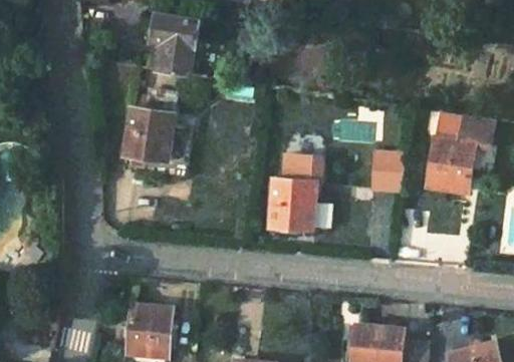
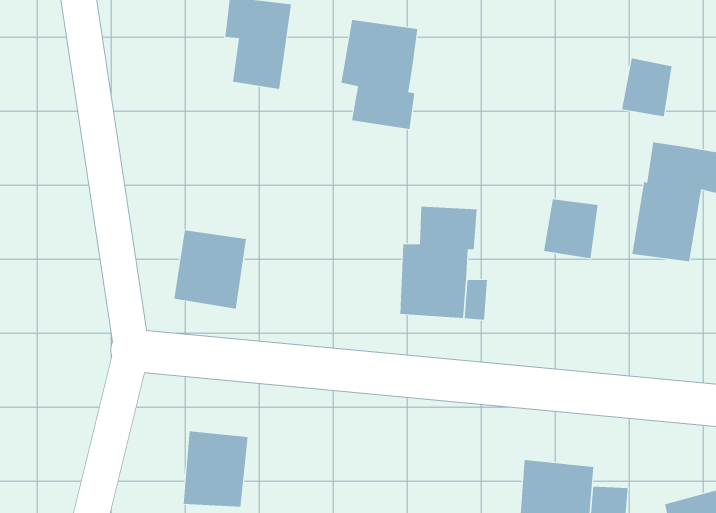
building: none -> [341,19,418,130]
building: none -> [622,58,672,117]
building: [122,107,172,160] -> [174,230,247,309]

